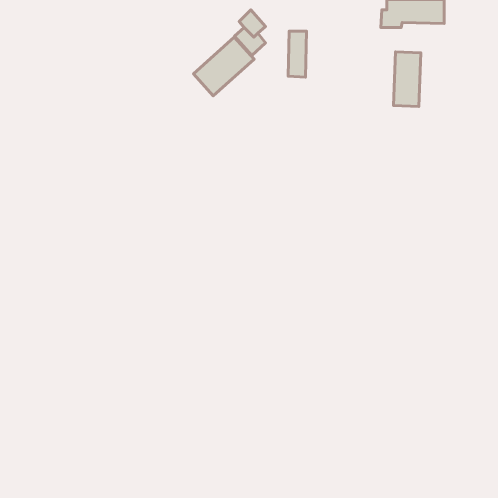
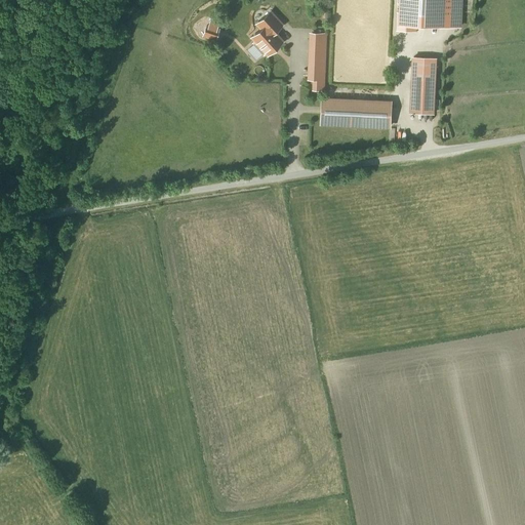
building: [193,37,254,96] -> none
building: none -> [321,98,392,127]

